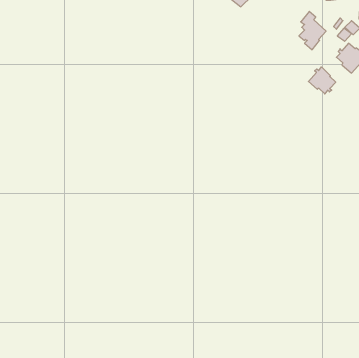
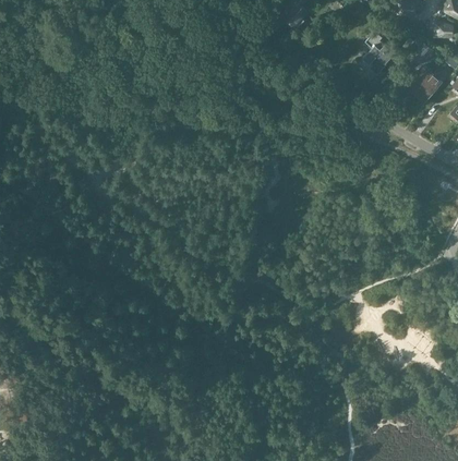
building: [308,67,336,94] -> none

